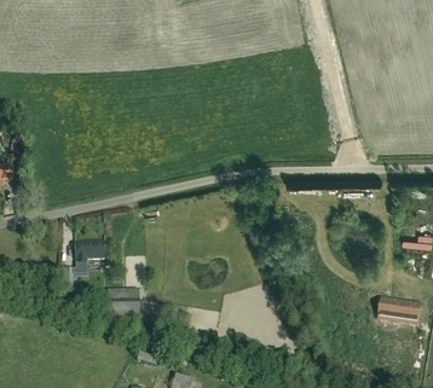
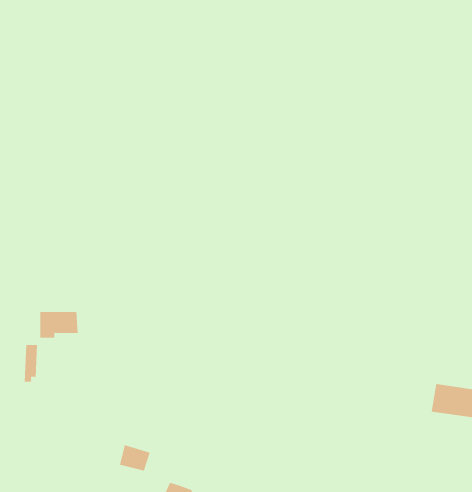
building: [105,290,137,312] -> none

